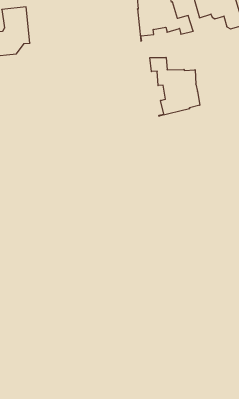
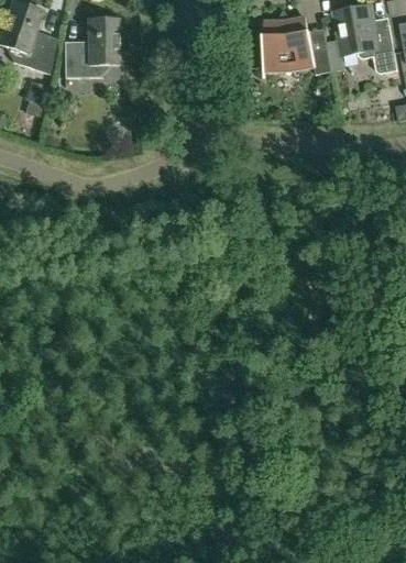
building: [150,57,200,116] -> none

